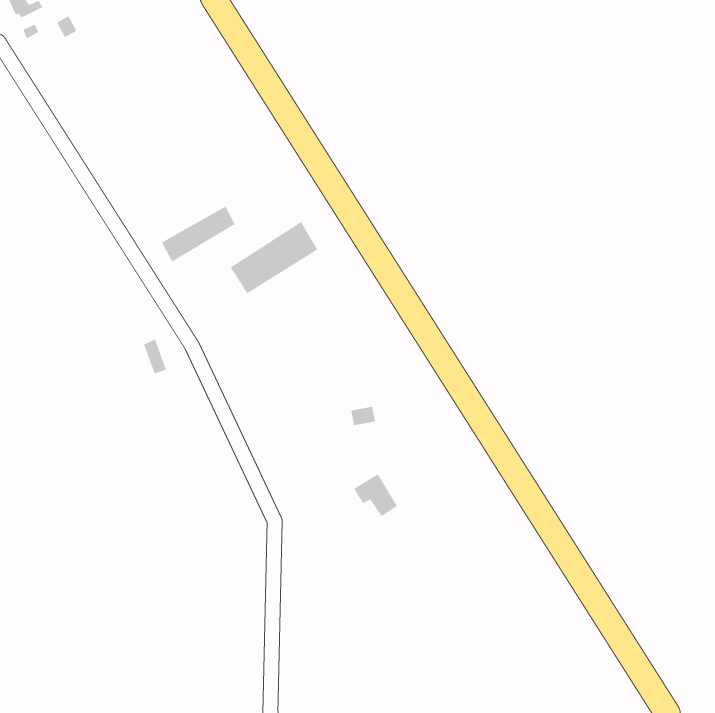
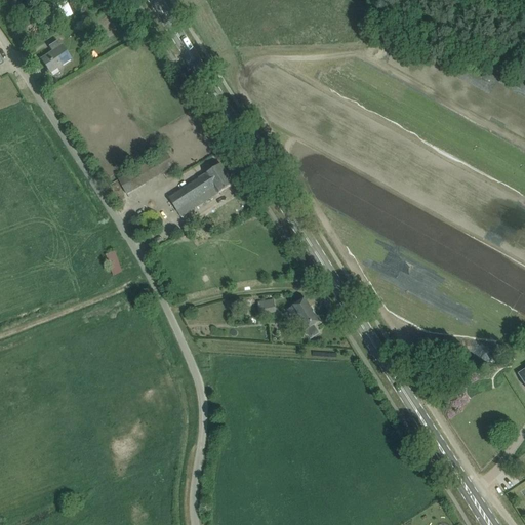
building: none -> [40,38,70,71]
building: [353,473,398,517] -> [286,296,319,328]

